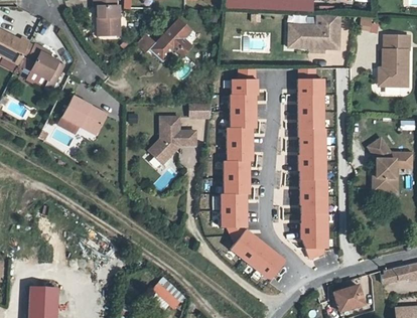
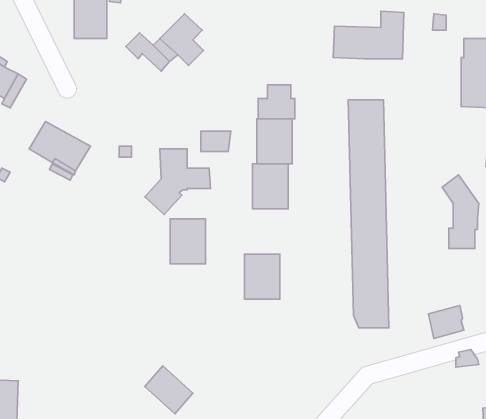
building: [225,161,251,194] -> [170,219,205,264]
building: [232,229,287,281] -> none
building: [337,287,364,311] -> [428,306,464,338]

